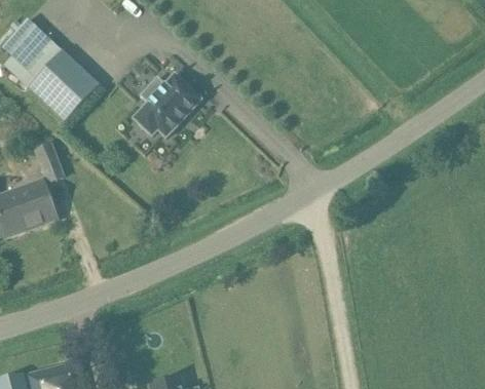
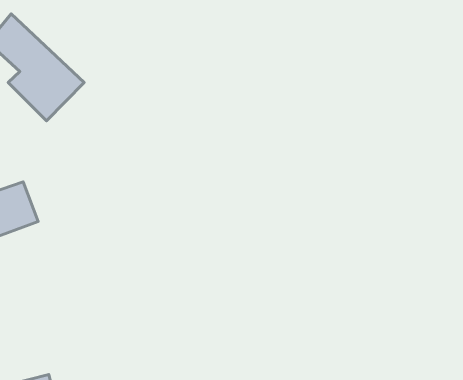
building: [133,74,200,137] -> none
building: [33,141,66,183] -> none

